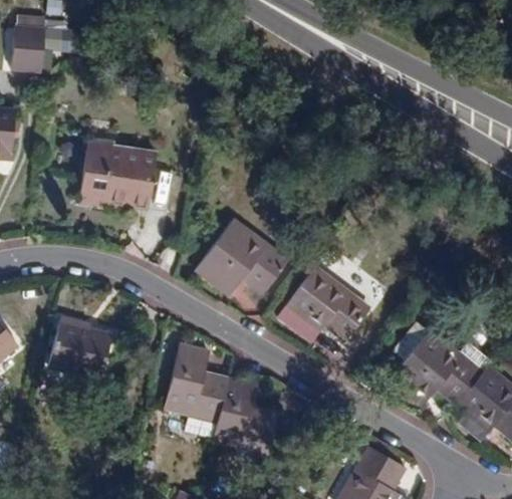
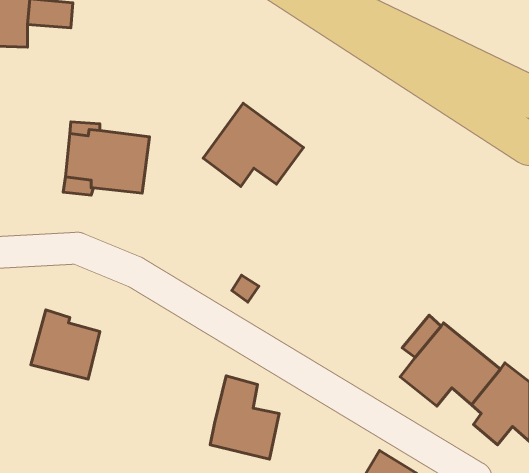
building: [196,218,289,295] -> [203,103,304,186]
building: [277,266,370,342] -> none
building: [164,342,228,421] -> none

